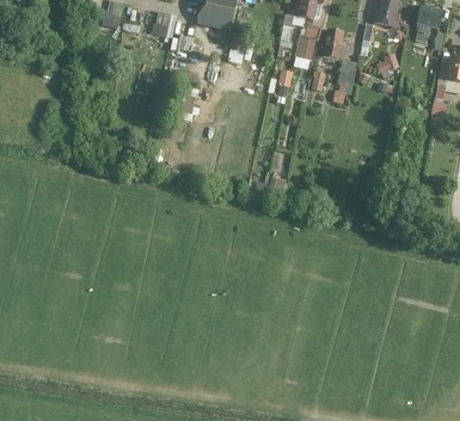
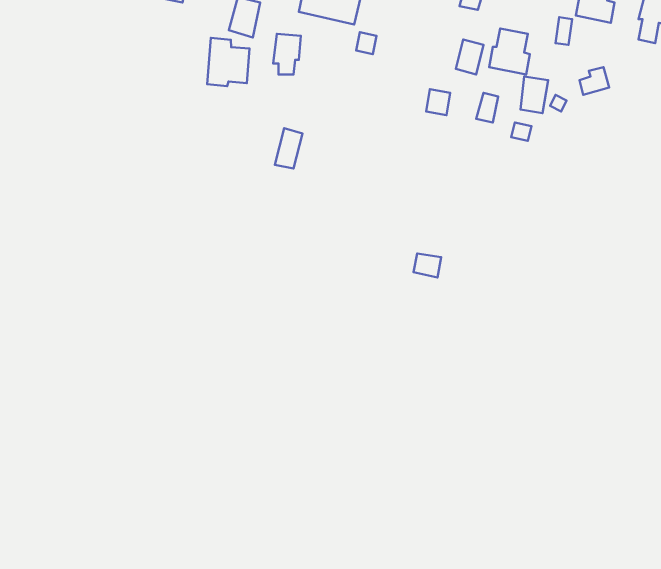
building: none -> [207,38,249,86]

